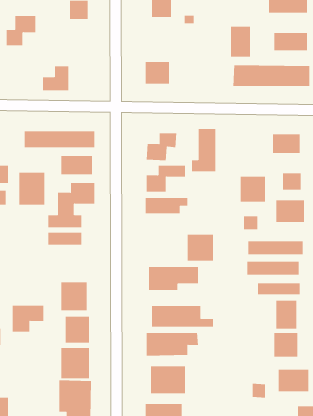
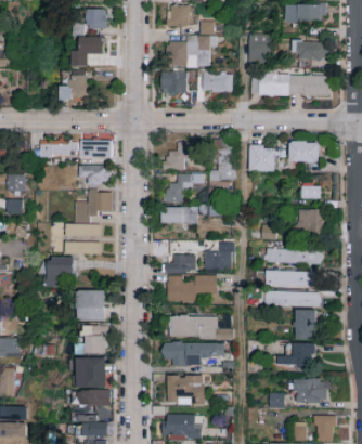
building: [6,15,36,46] -> [73,36,103,66]
building: none -> [170,37,212,66]
building: none -> [203,75,233,92]
building: [19,172,45,206] -> none
building: [240,176,266,202] -> [249,145,275,171]
building: none -> [166,254,195,273]
building: [12,305,44,332] -> [41,259,74,286]

